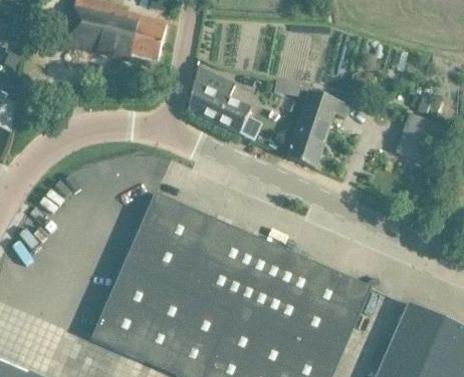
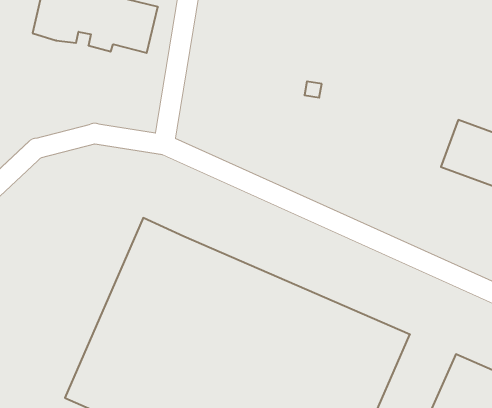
building: [188,66,251,133] -> none
building: [286,90,350,168] -> none

